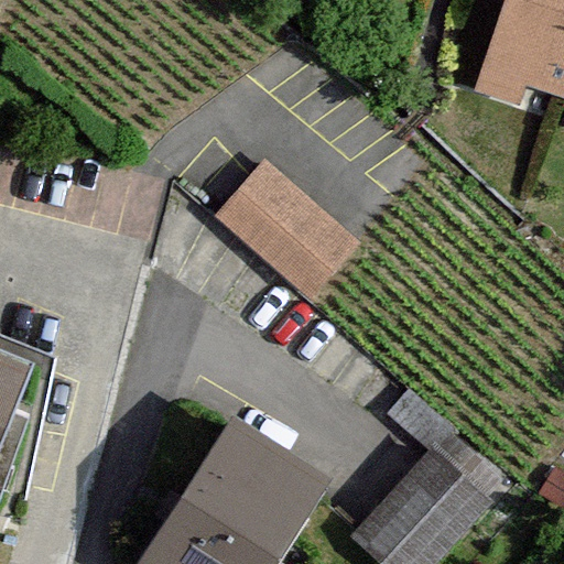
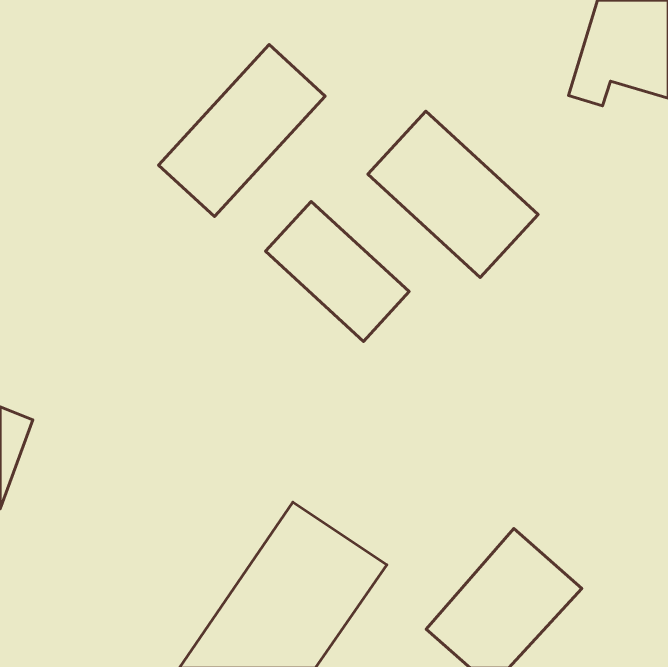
building: none -> [159,45,325,217]
building: none -> [368,111,538,278]

